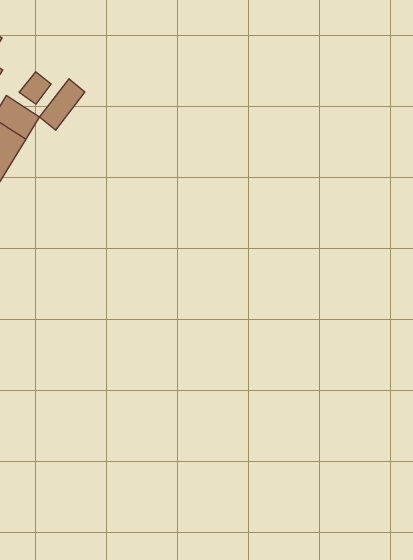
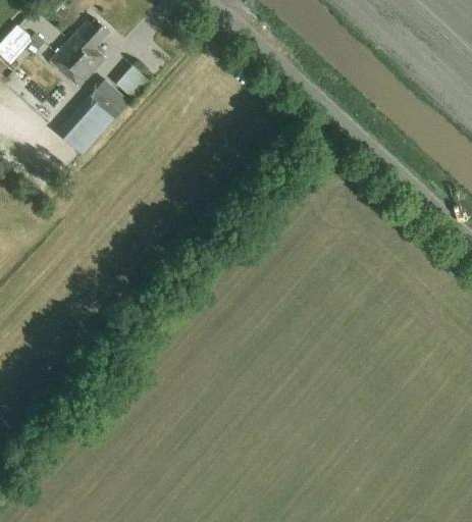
building: [40,79,85,130] -> none

